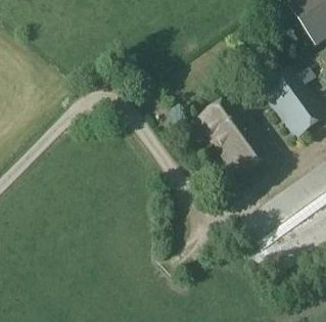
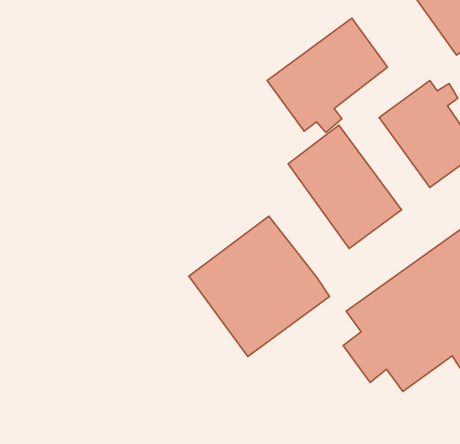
building: none -> [267,18,388,132]
building: none -> [189,216,329,357]

